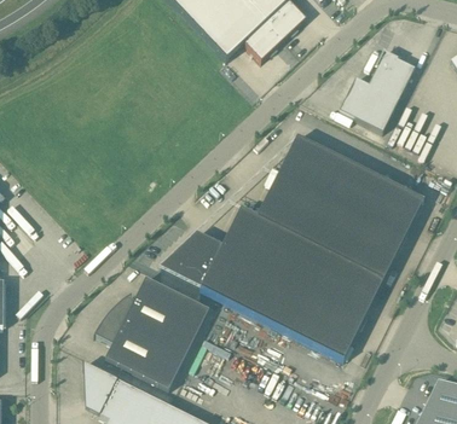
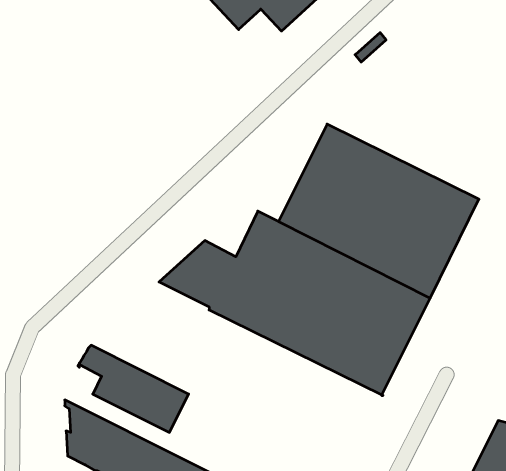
building: [339,51,415,132] -> none
building: [104,277,209,358] -> none

